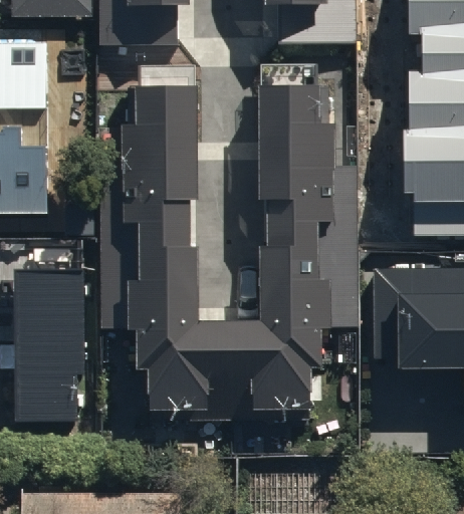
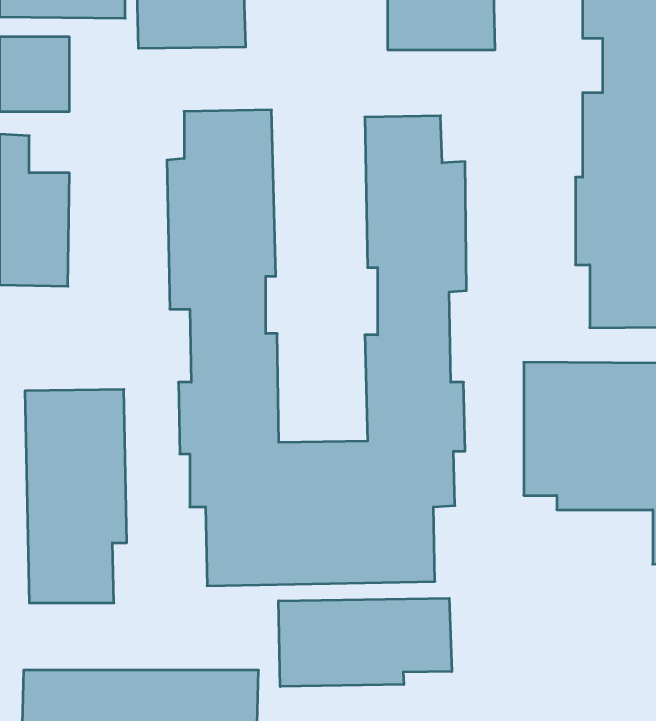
building: none -> [279,598,452,687]

